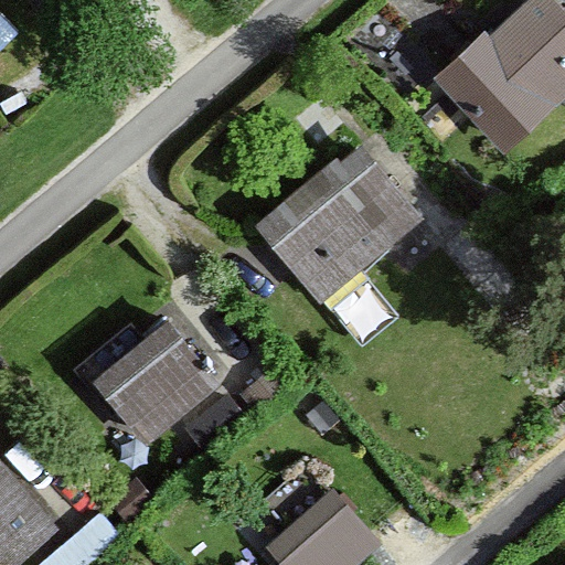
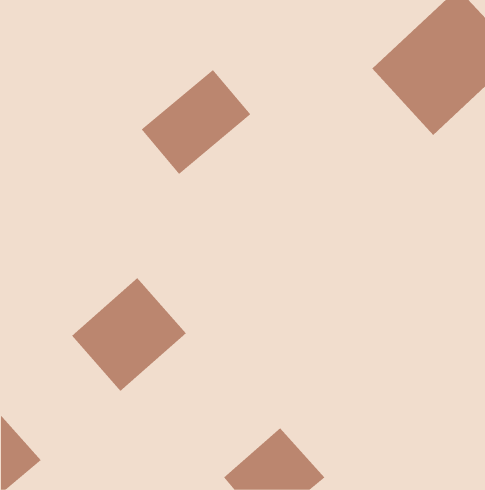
building: none -> [141,69,251,175]
building: [255,141,423,305] -> none

